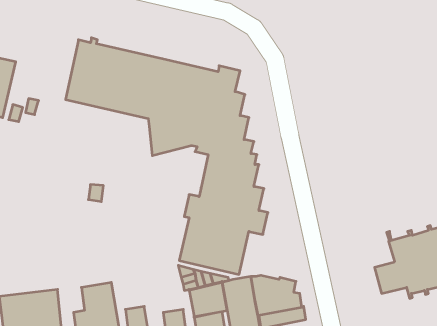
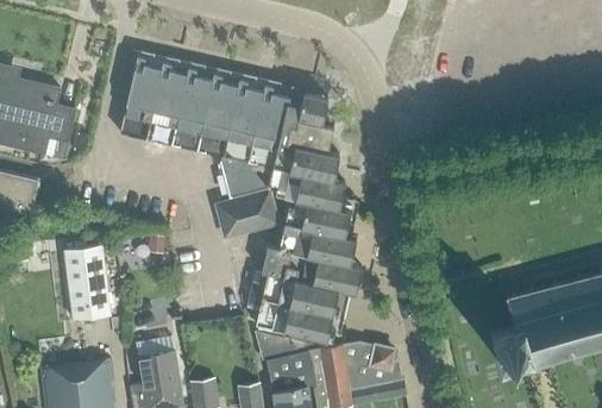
building: none -> [214,188,281,240]
building: none -> [64,245,111,320]

